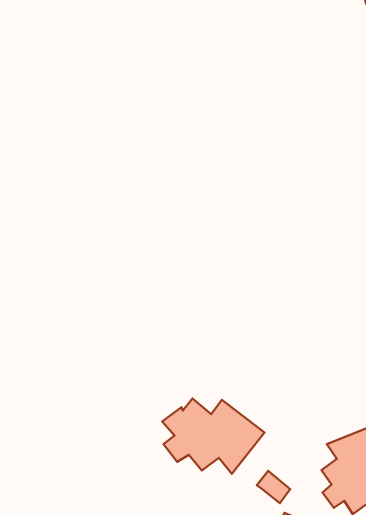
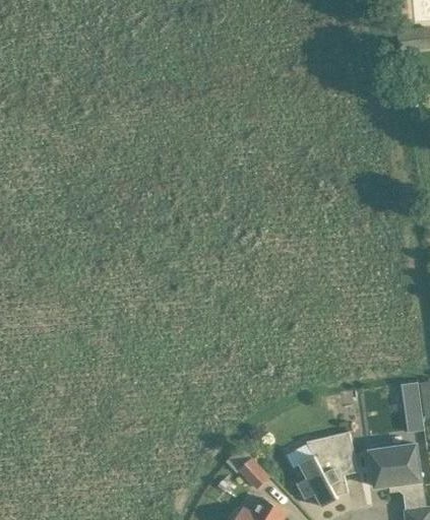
building: [162,398,265,474] -> none

